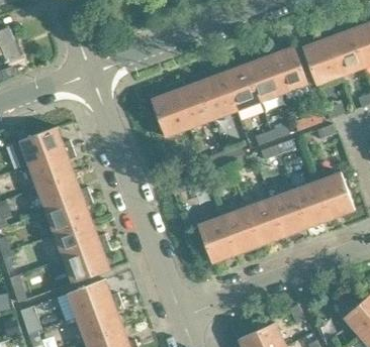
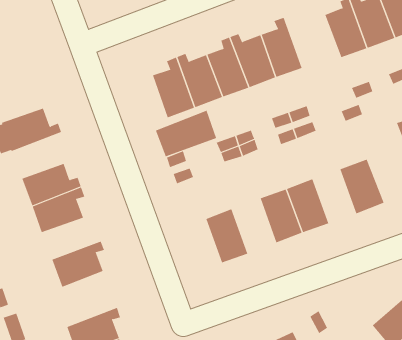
building: [266,46,306,94] -> none
building: none -> [155,110,217,157]
building: [27,149,75,190] -> none
building: [291,182,329,229] -> none
building: [220,207,259,255] -> none
building: [54,224,106,260] -> none
building: [67,280,120,319] -> none

